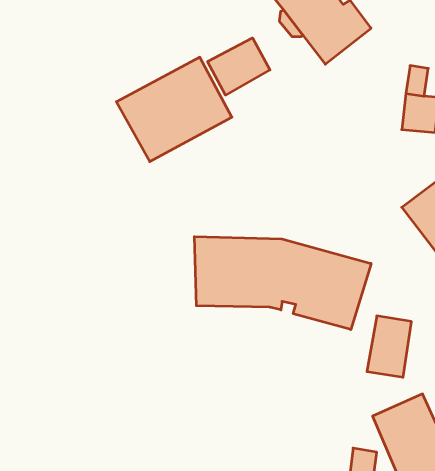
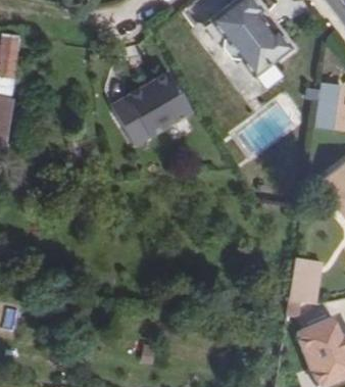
building: [208,38,270,95] -> none
building: [194,237,371,330] -> none

